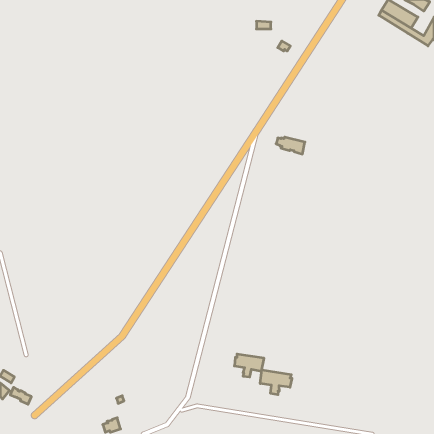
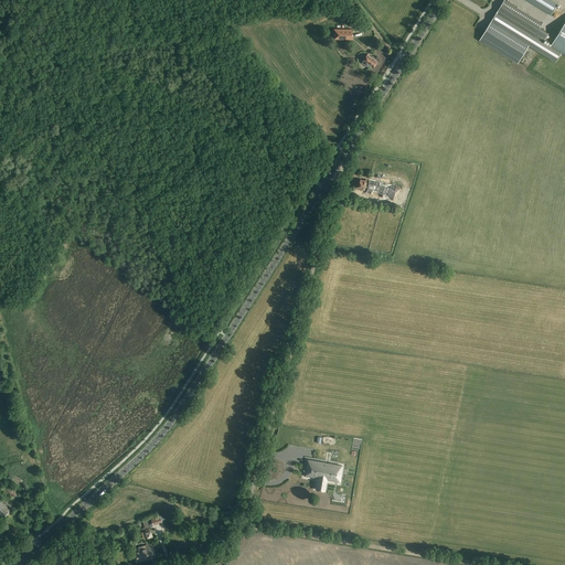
building: none -> [480,20,530,62]
building: [260,370,292,395] -> none

